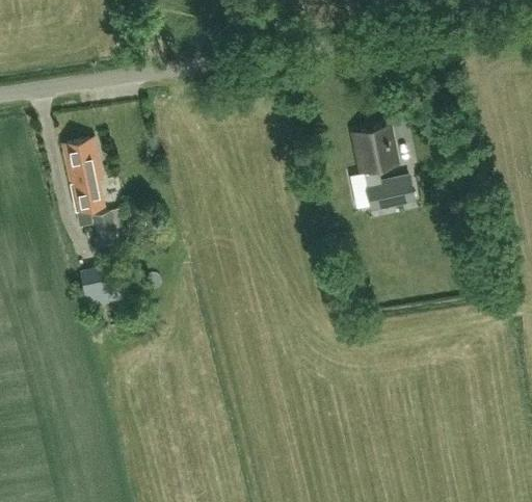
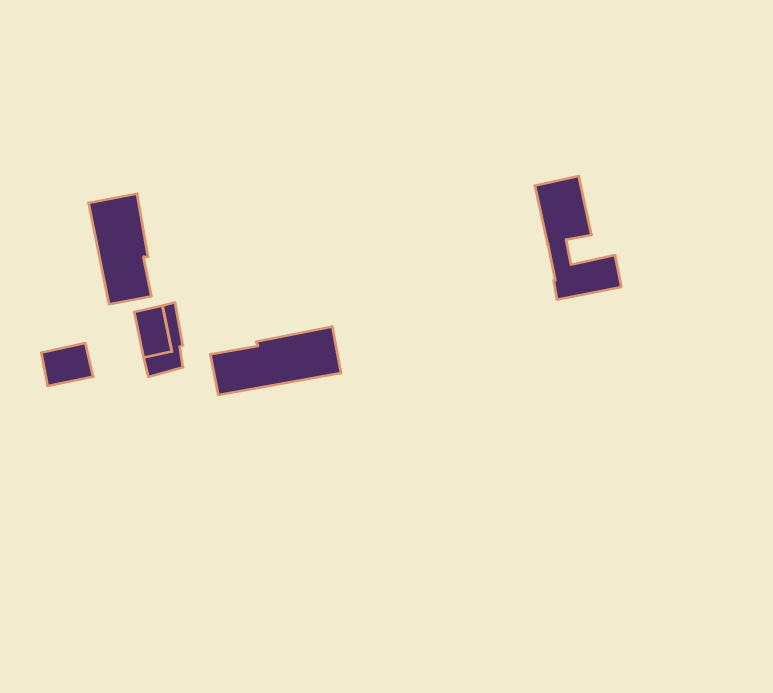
building: none -> [210,326,341,395]
building: [82,265,116,293] -> [41,343,93,386]

